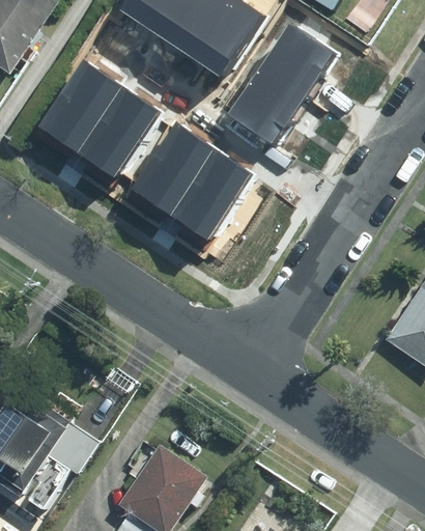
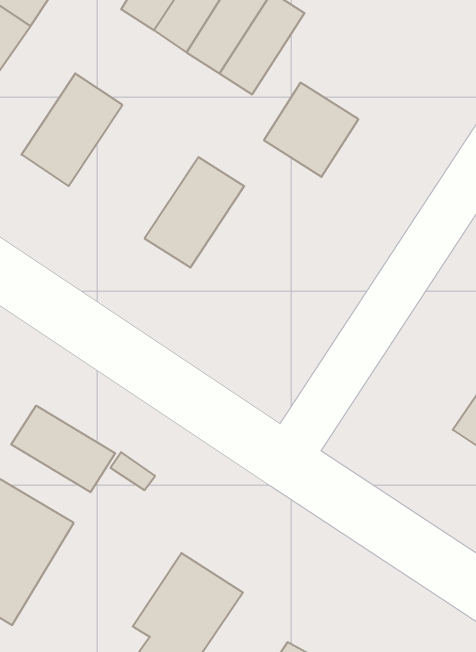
building: [259,23,334,97] -> none
building: [76,86,155,175] -> none
building: [172,150,251,239] -> none
building: none -> [11,406,115,492]

